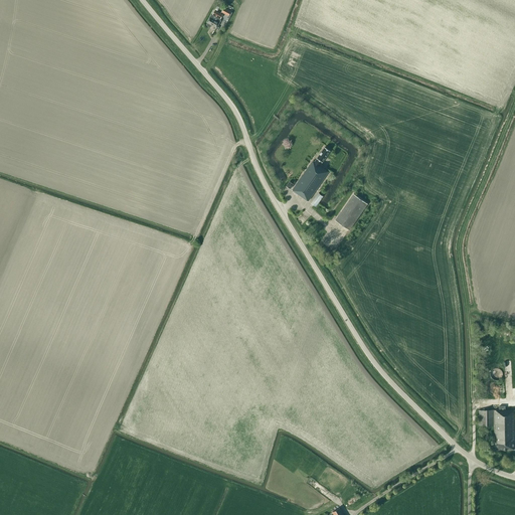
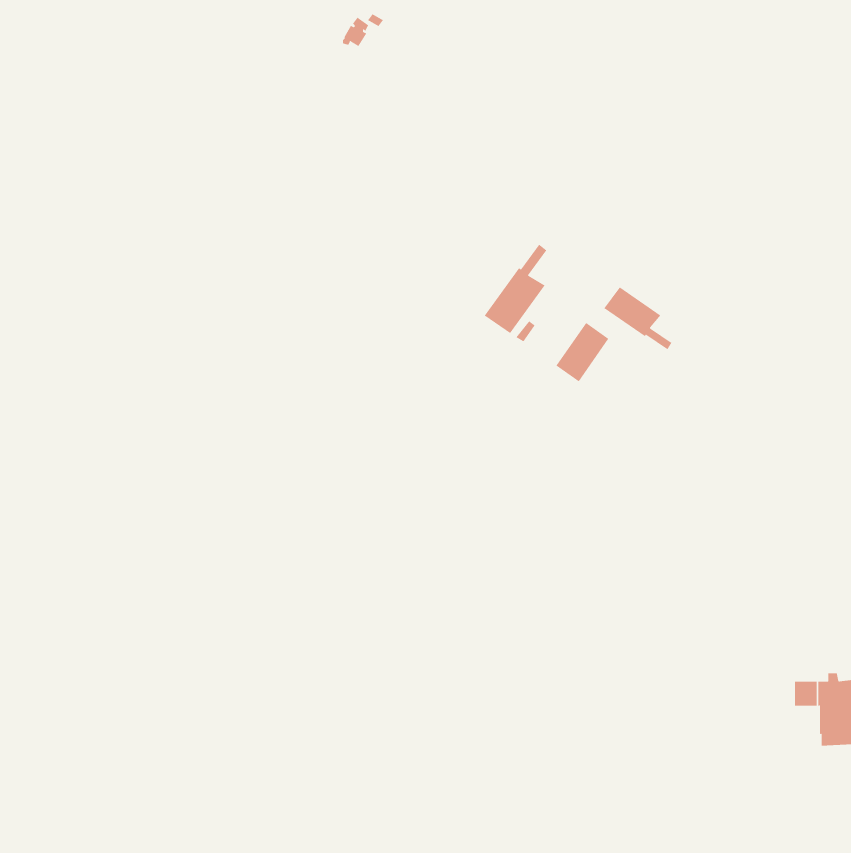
building: none -> [604,286,672,350]

